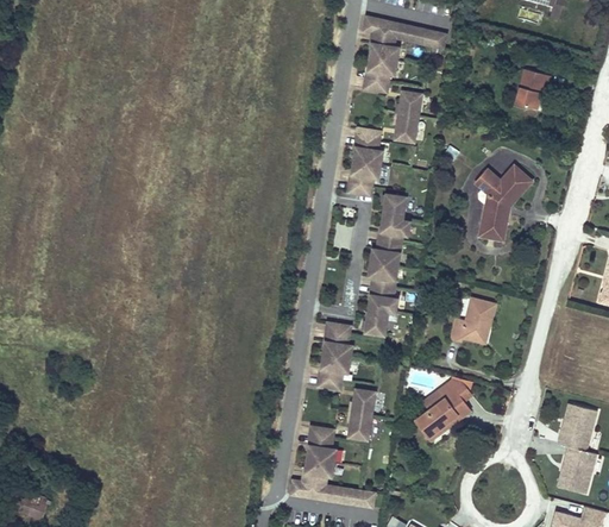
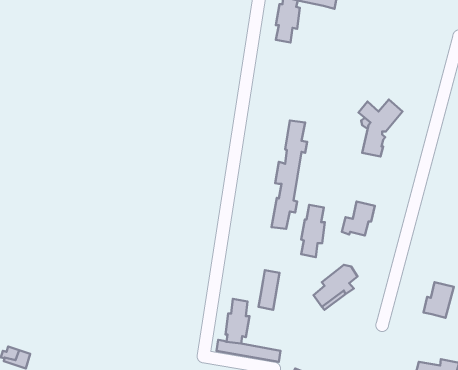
building: [515,69,550,108] -> none
building: [395,90,422,142] -> none
building: [351,128,382,195] -> none
building: [319,321,350,389] -> [301,205,325,257]
building: [564,445,598,493] -> none

